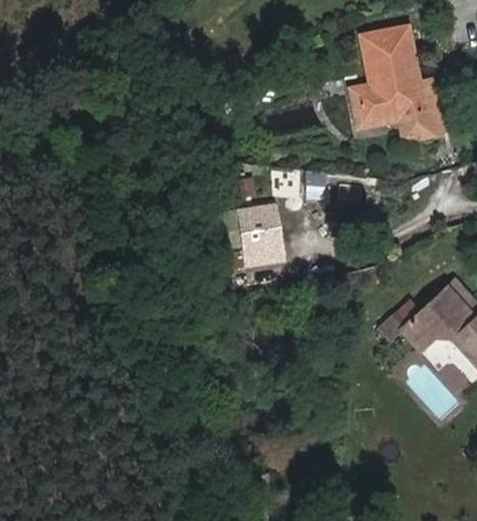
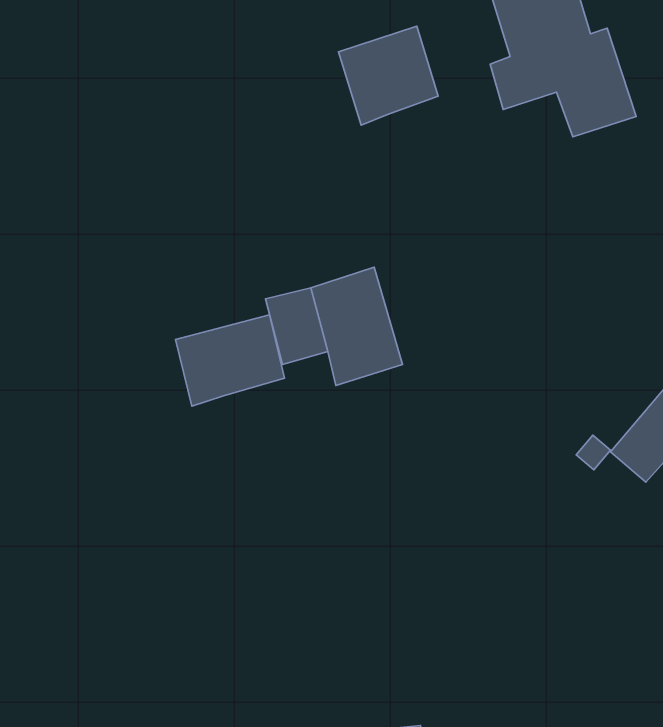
building: none -> [338,26,438,125]
building: none -> [176,315,284,406]

